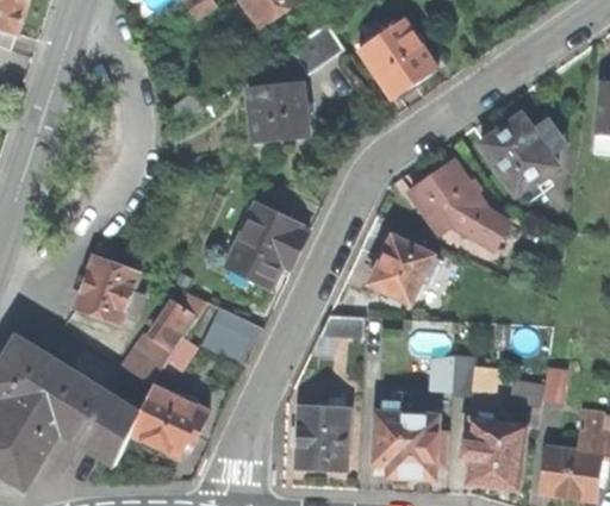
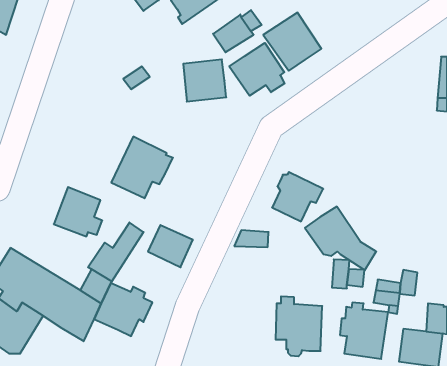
building: none -> [229,43,285,96]
building: [479,113,566,193] -> none
building: [410,161,506,246] -> [305,207,376,270]
building: [225,202,309,286] -> [111,137,173,198]
building: [294,405,348,469] -> none

